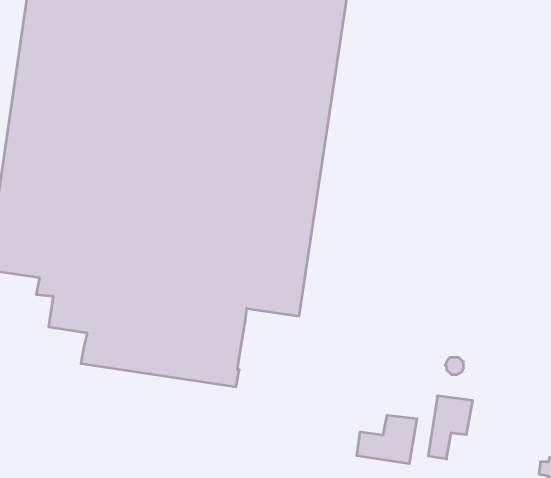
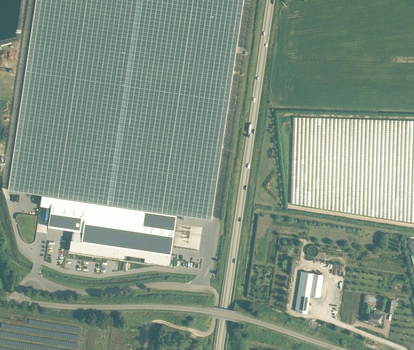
building: [357,415,417,464] -> none

